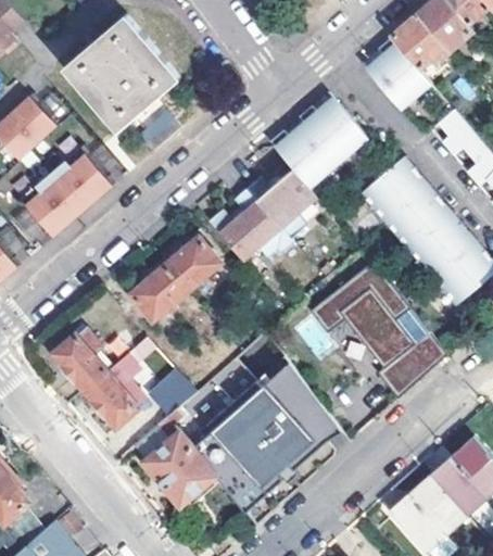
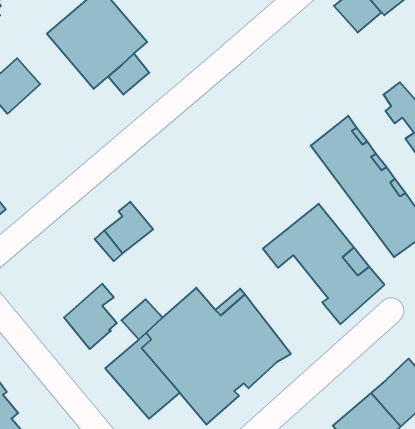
building: [365,37,435,114] -> none
building: [273,96,371,190] -> none
building: [22,150,112,237] -> none
building: [205,170,312,263] -> none
building: [159,238,218,291] -> none
building: [51,328,111,391] -> none

